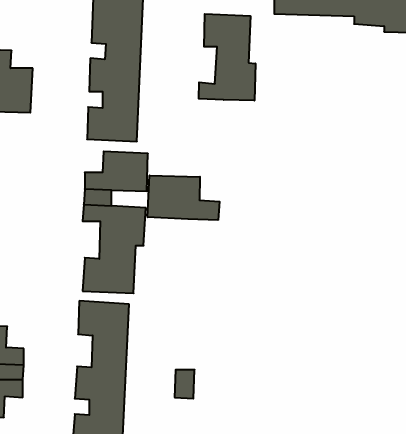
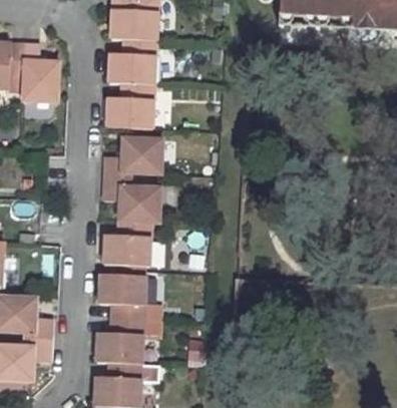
building: [199,14,255,101] -> none
building: [148,175,220,220] -> none

